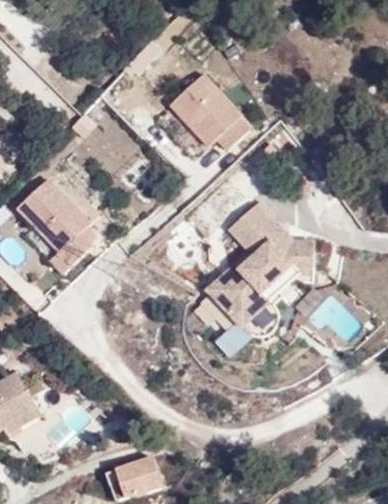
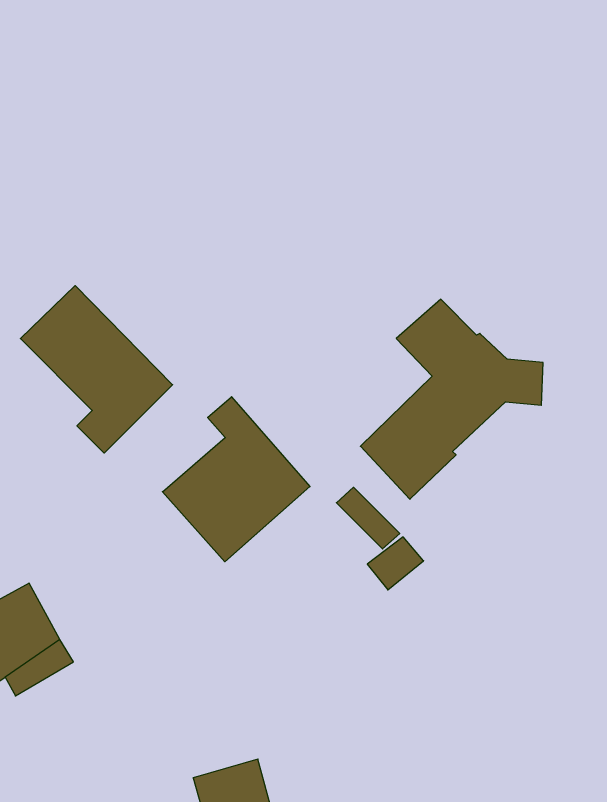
building: [164,75,253,159] -> none
building: none -> [162,397,310,562]
building: [241,248,318,313] -> none

